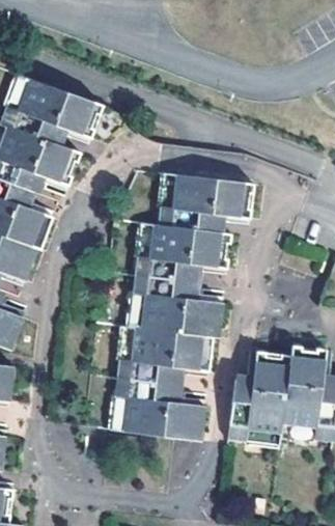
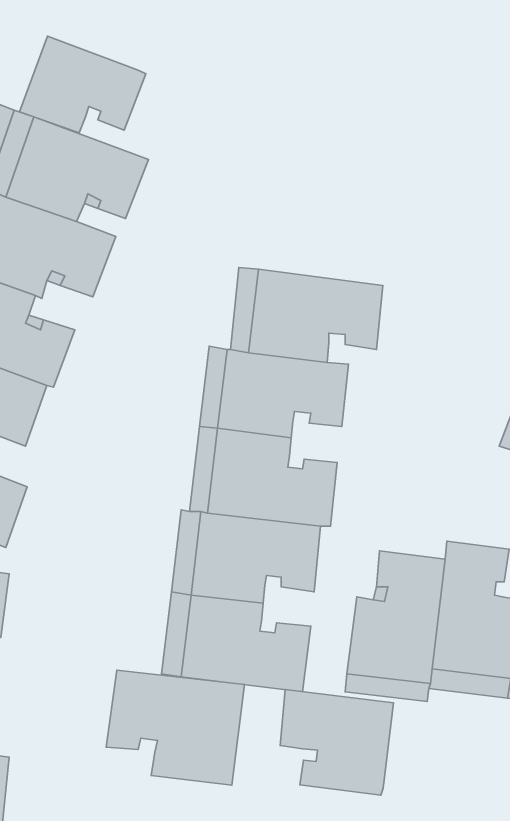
building: none -> [19,36,146,133]
building: none -> [106,670,245,785]
building: none -> [280,690,393,795]

